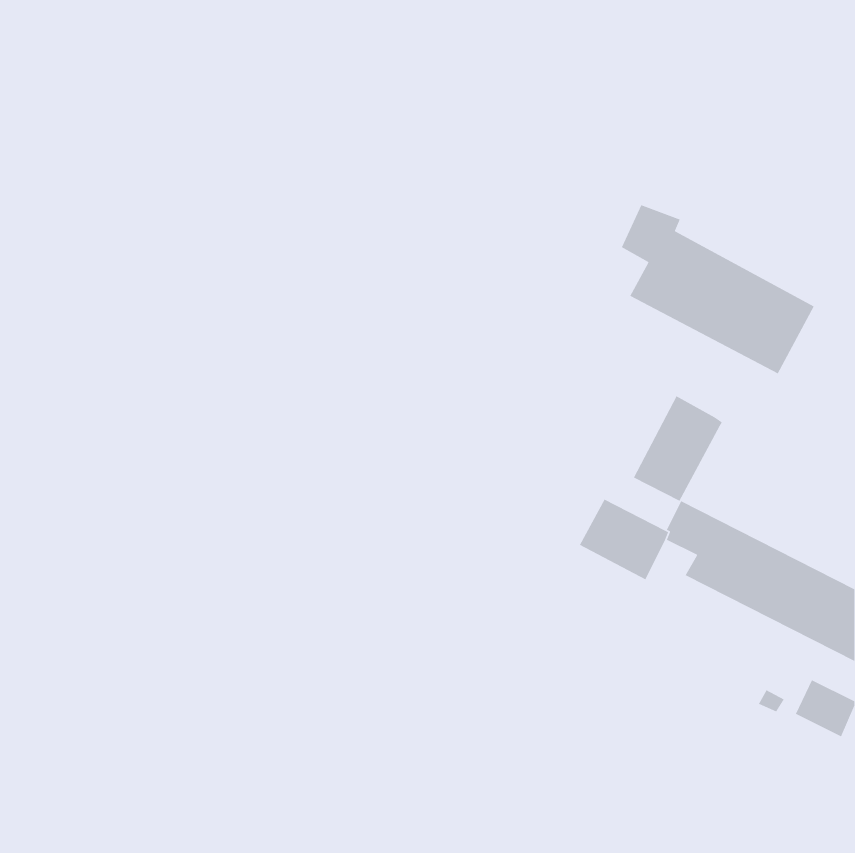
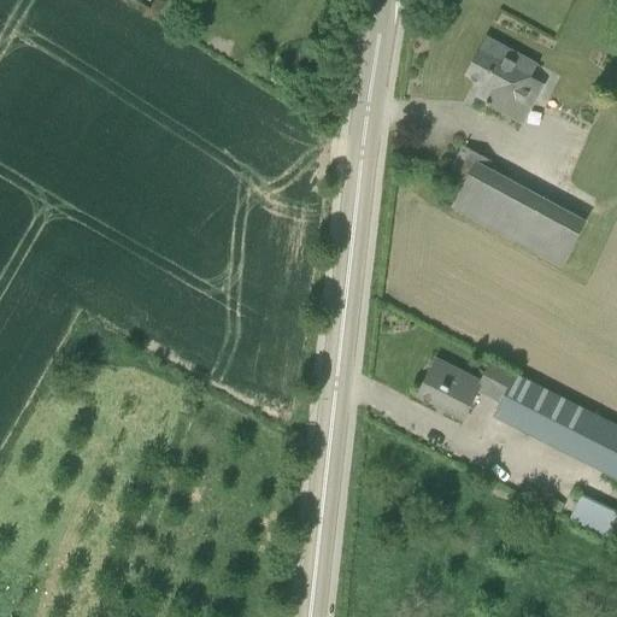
building: none -> [466,37,543,124]
building: [633,395,723,502] -> none

